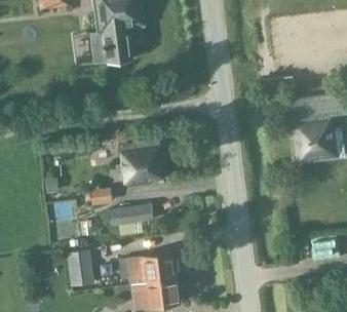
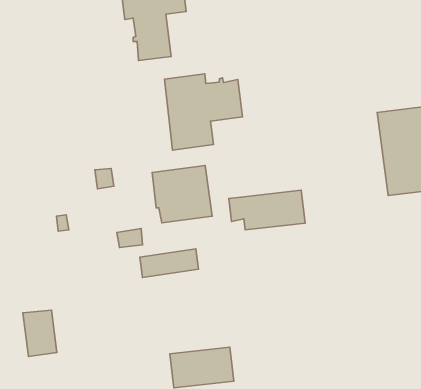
building: none -> [165,74,243,150]
building: [68,251,93,286] -> [23,310,57,357]
building: [119,254,177,283] -> [229,190,305,230]

